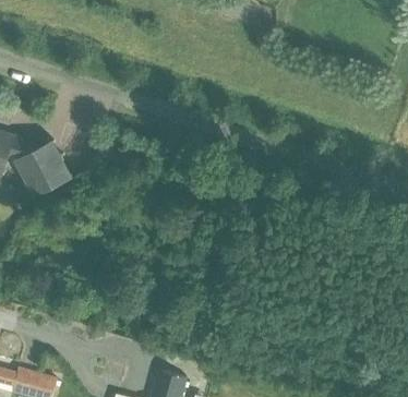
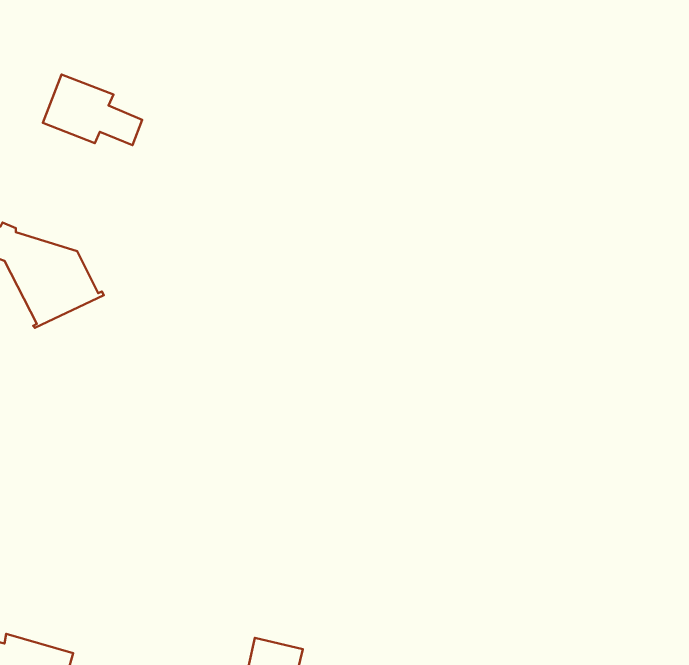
building: none -> [43,74,142,145]

